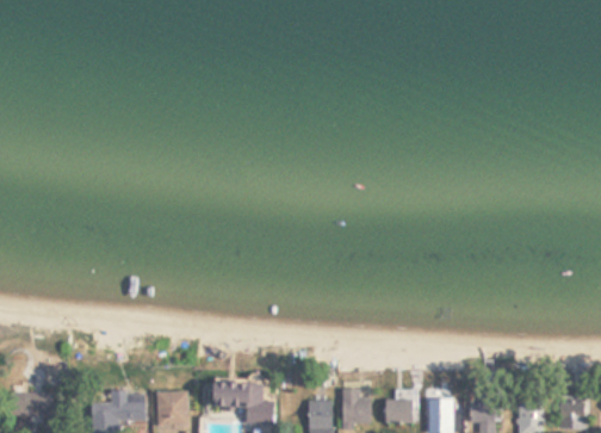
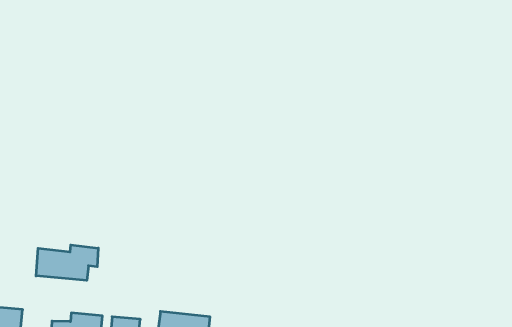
building: none -> [36,245,98,280]

